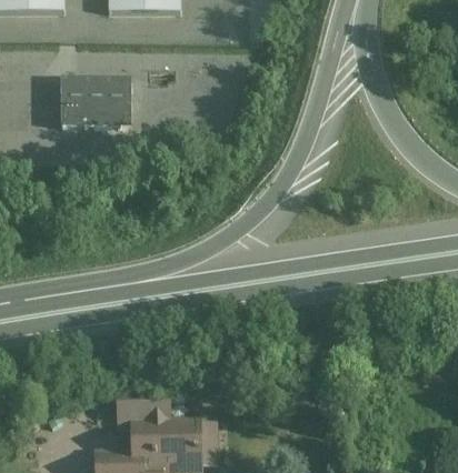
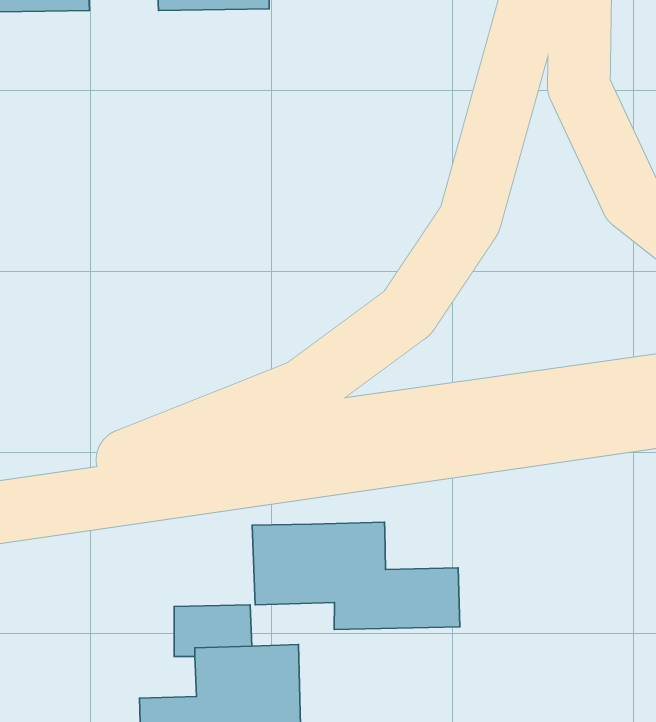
building: [60,78,129,125] -> none
building: none -> [252,522,460,630]

